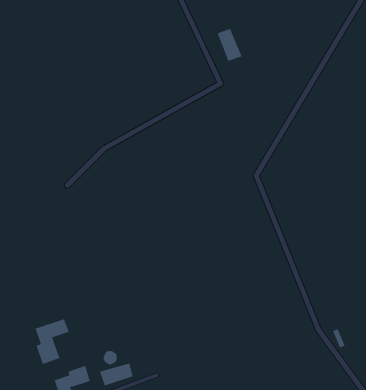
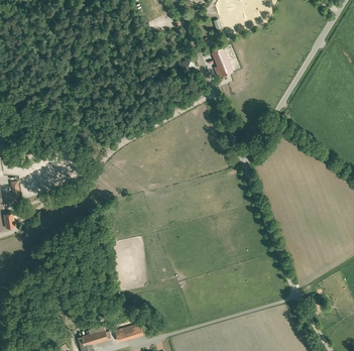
building: [35,318,70,365] -> none

